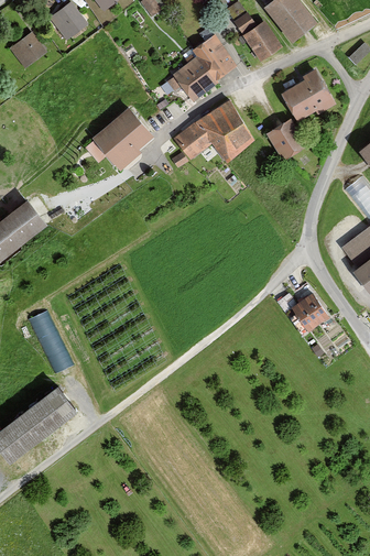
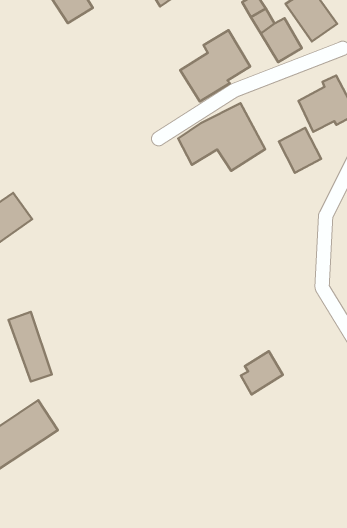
building: [8,30,46,67] -> none
building: [93,106,155,170] -> none
building: [287,293,326,334] -> [241,351,283,394]

